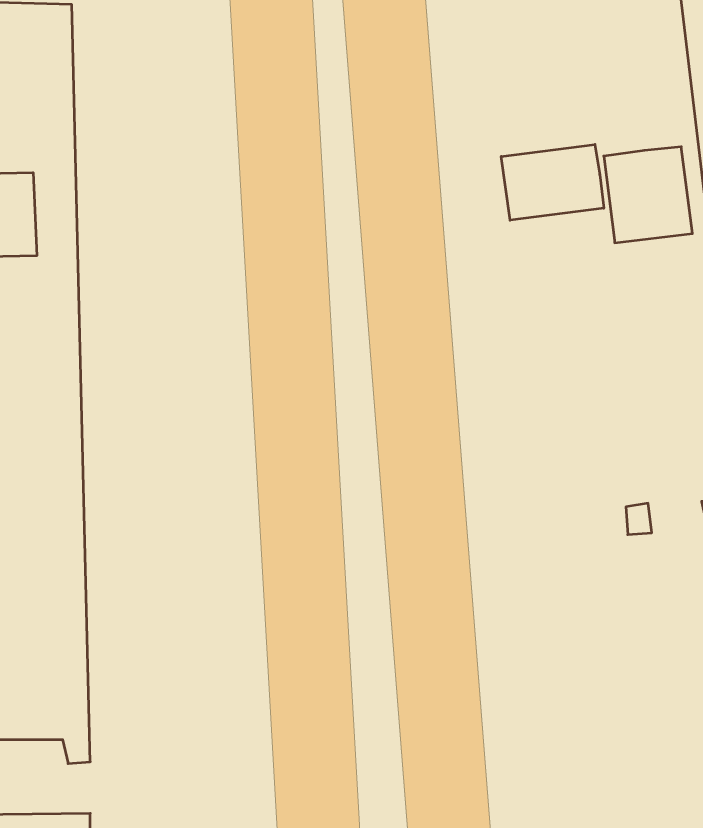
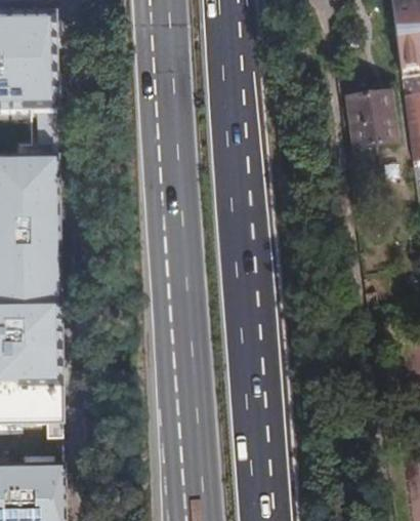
building: [501,144,604,220] -> none

